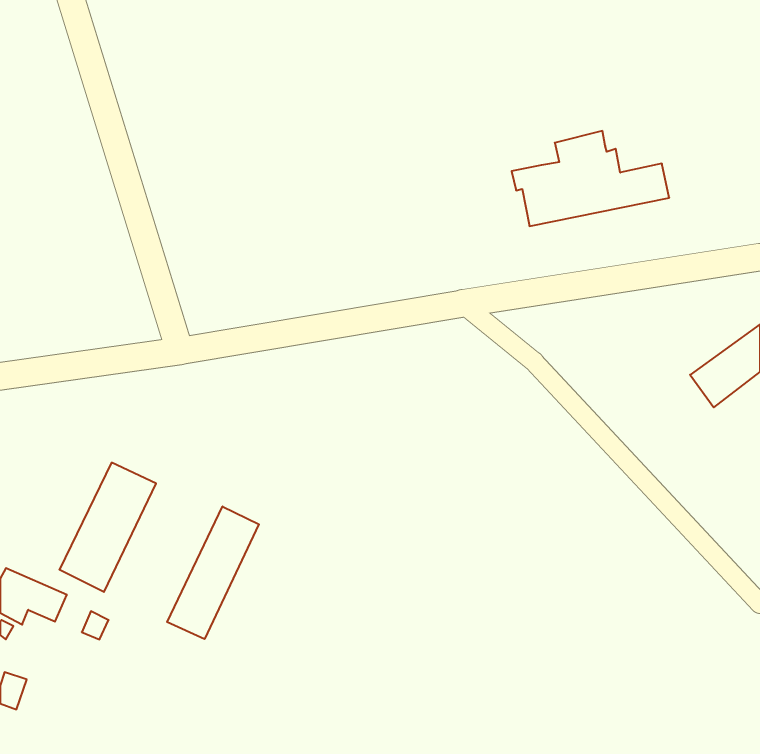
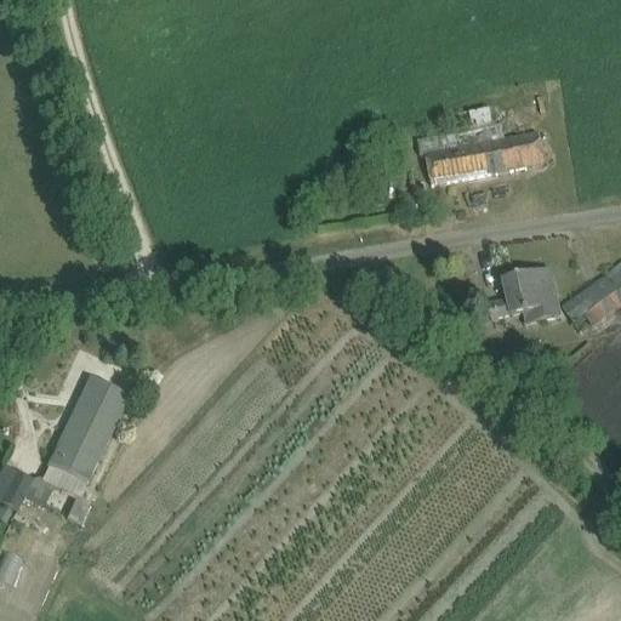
building: none -> [489,268,562,324]
building: [167,506,259,639] -> none

